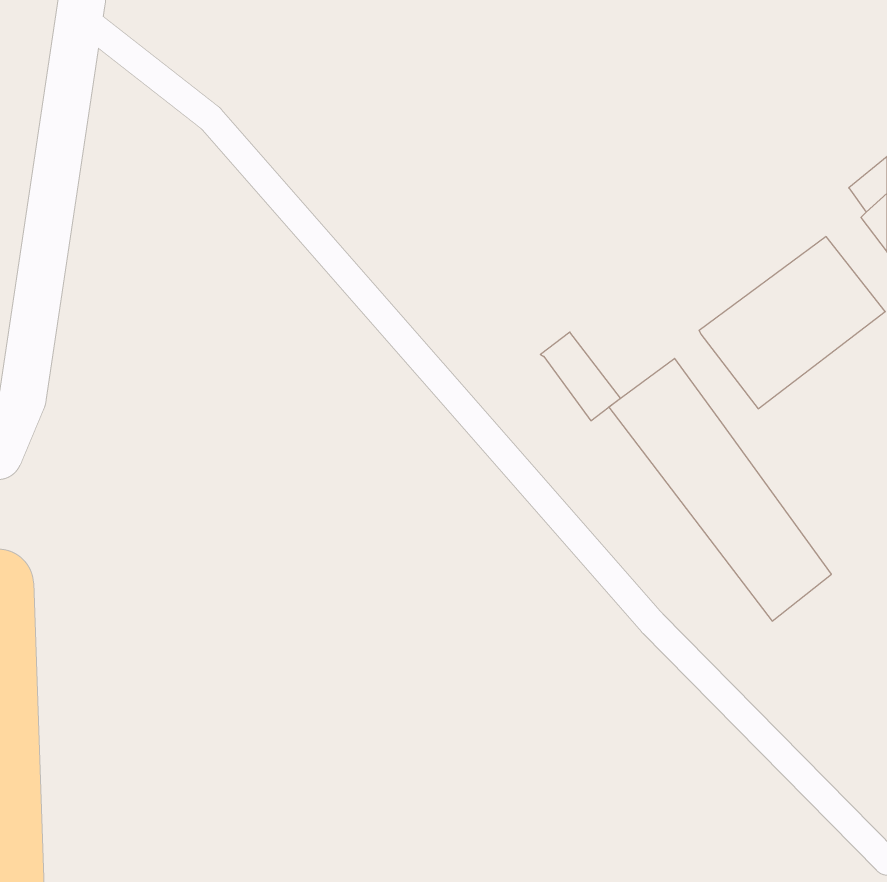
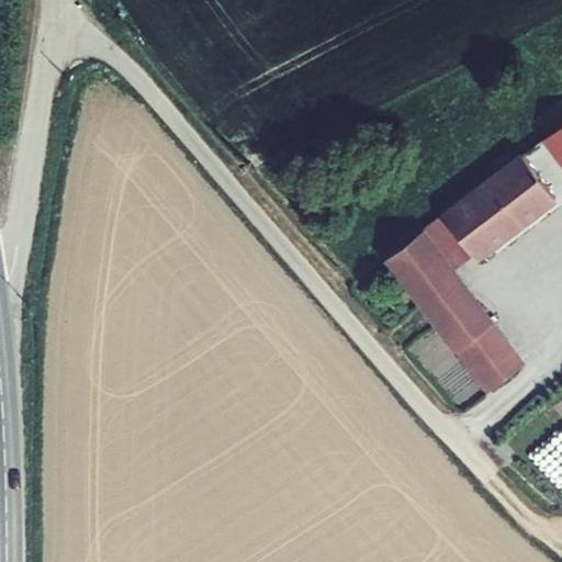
building: [540,332,620,421] -> [424,215,474,271]

